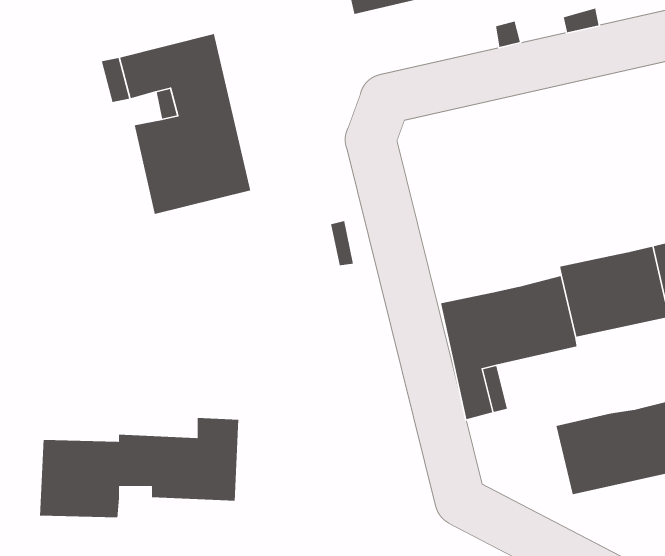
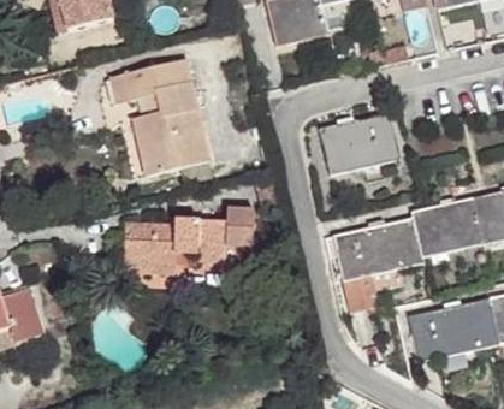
building: none -> [319,113,399,174]
building: [39,417,239,518] -> [121,208,253,274]

